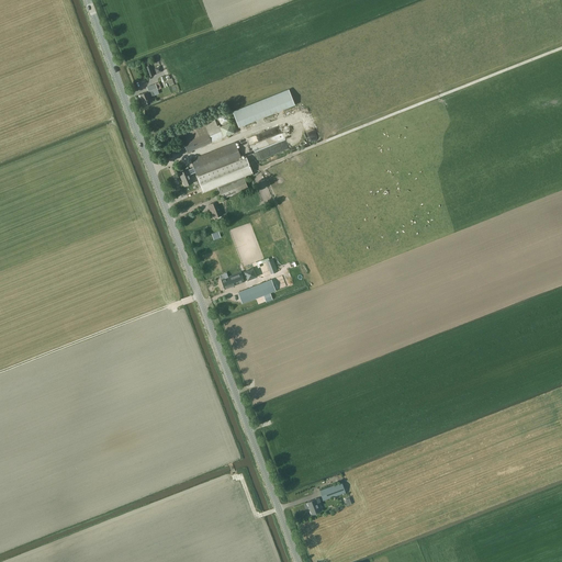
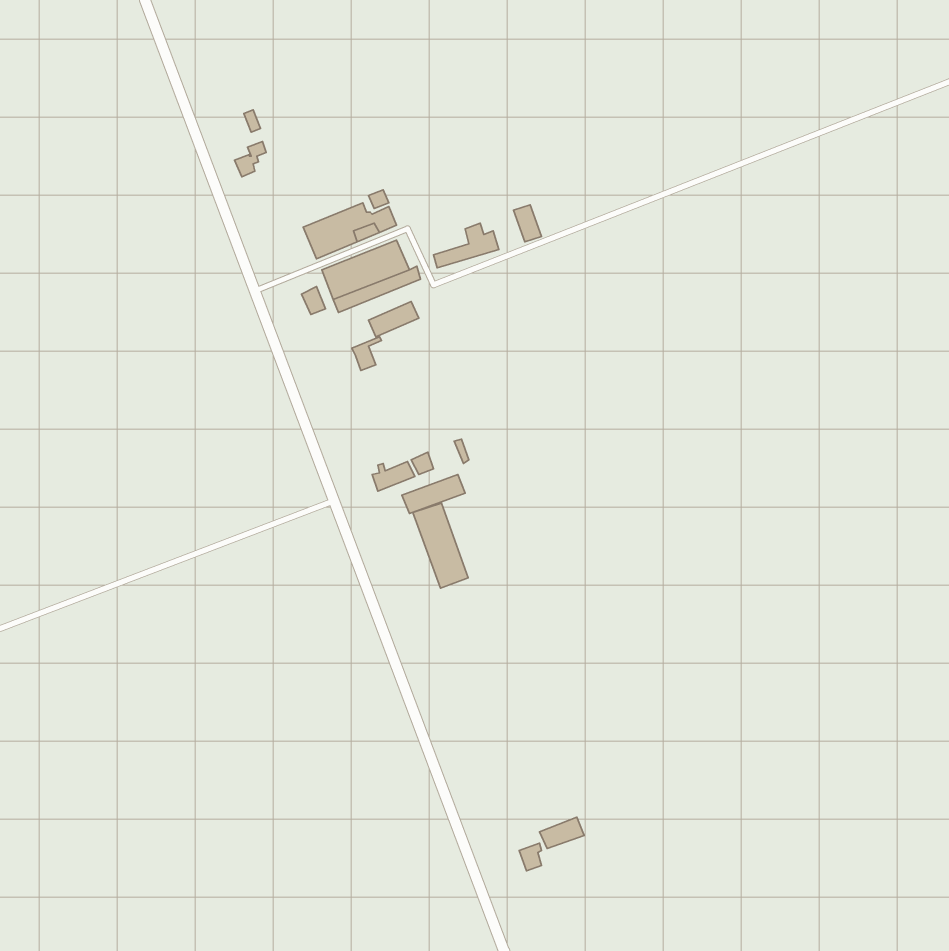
building: [232,89,294,127] -> none
building: none -> [413,503,468,588]

